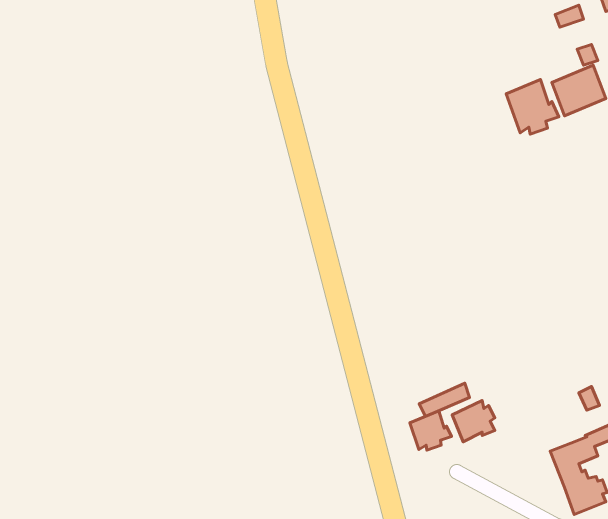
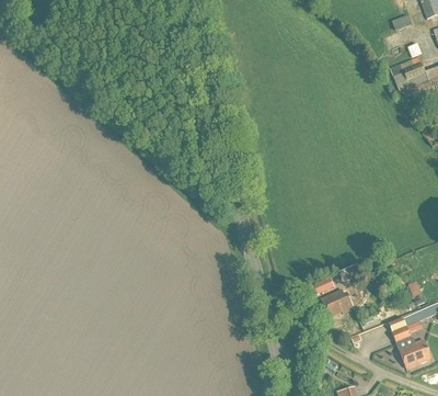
building: [506,79,559,134] -> none
building: [410,411,451,450] -> none

